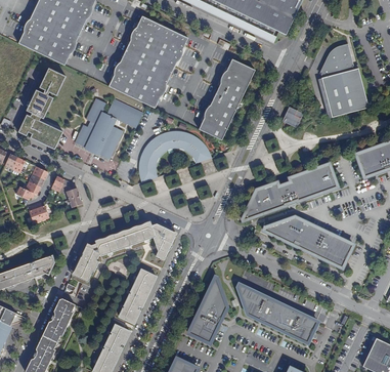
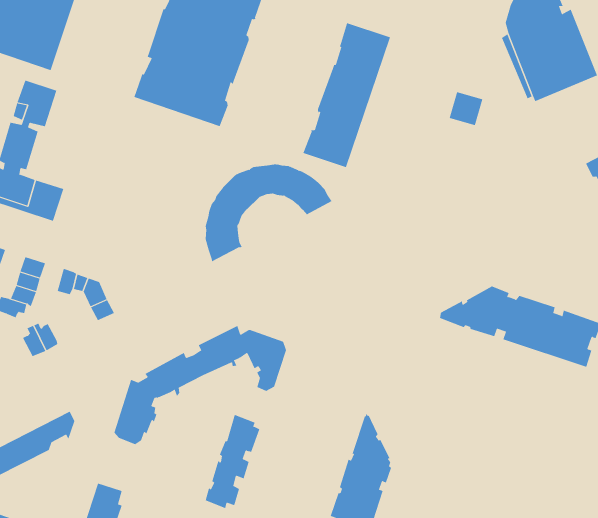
building: [75,97,142,158] -> none
building: [242,163,336,219] -> none
building: [237,283,317,342] -> none

